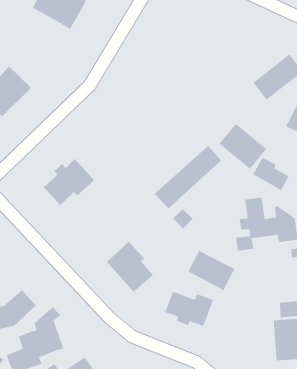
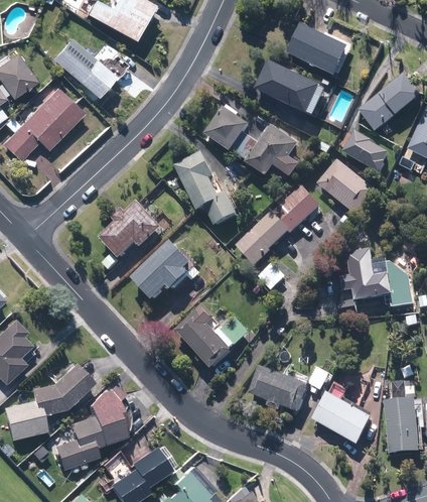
building: none -> [287,22,350,75]
building: none -> [50,37,114,98]
building: none -> [256,57,322,112]
building: none -> [202,107,300,176]
building: none -> [175,152,238,225]
building: [252,157,290,191] -> [342,130,389,172]
building: none -> [131,242,200,301]
building: [188,250,235,291] -> [312,393,372,444]

